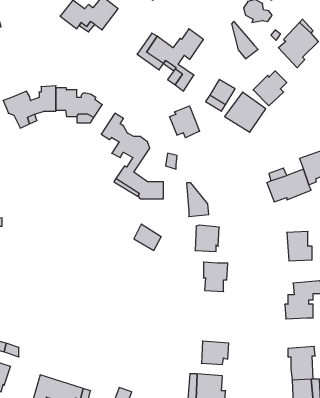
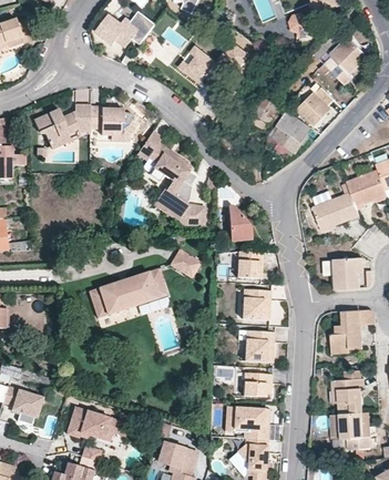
building: [232,21,258,59] -> none
building: [170,106,200,138] -> none
building: none -> [88,268,167,317]
building: none -> [246,329,275,361]

